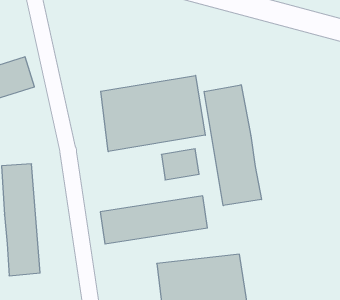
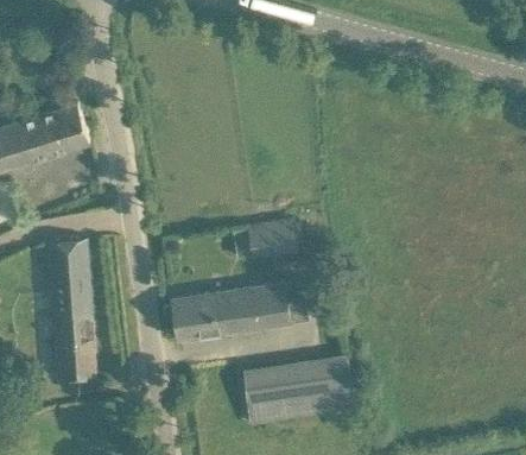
building: [101,75,205,152] -> none
building: [204,85,261,206] -> none

